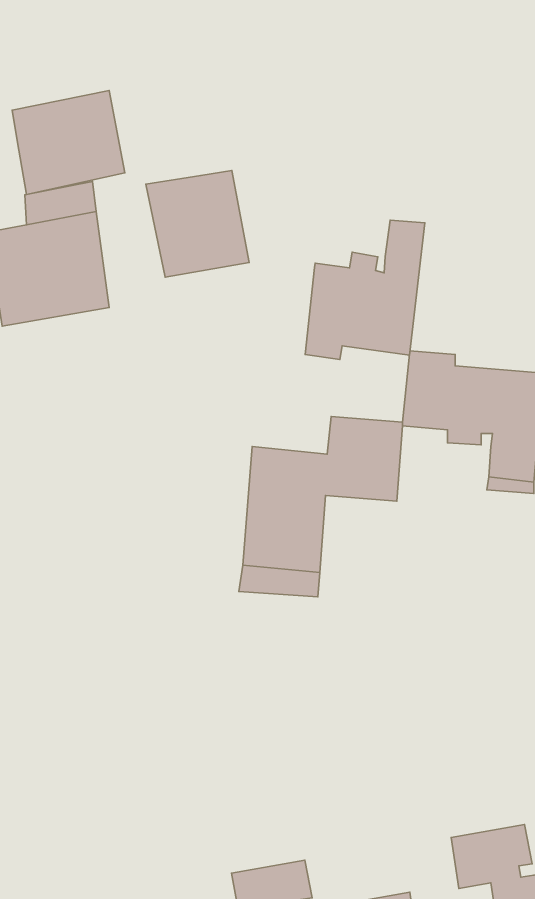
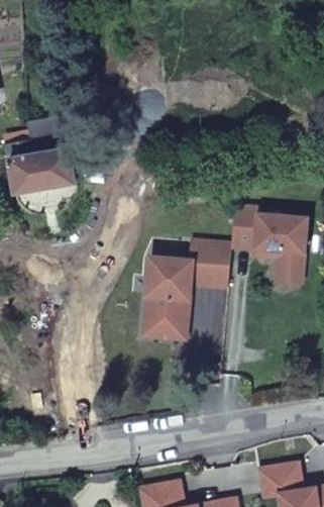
building: [12,91,125,194] -> none
building: [146,171,249,277] -> none
building: [305,220,425,359] -> none

